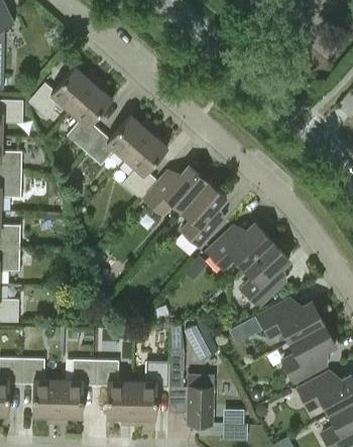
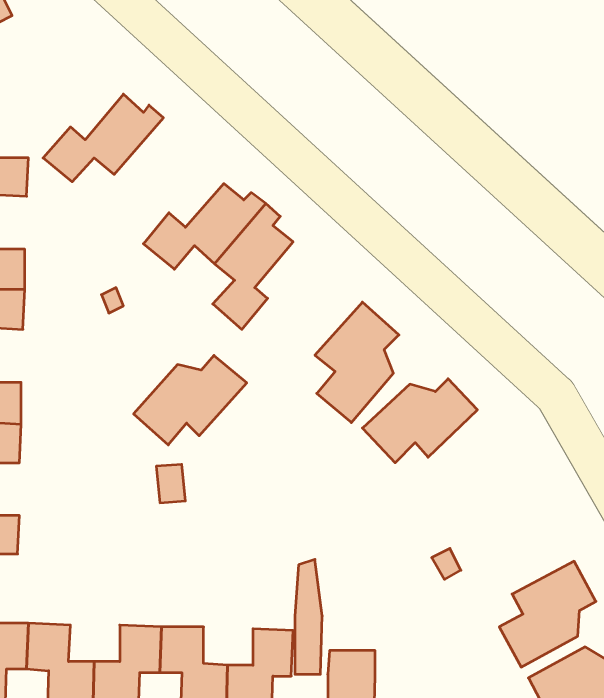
building: [68,80,112,149] -> none
building: [143,166,206,216] -> [134,355,247,445]
building: [241,241,289,308] -> none
building: [257,300,323,343] -> none
building: [184,325,217,360] -> none

